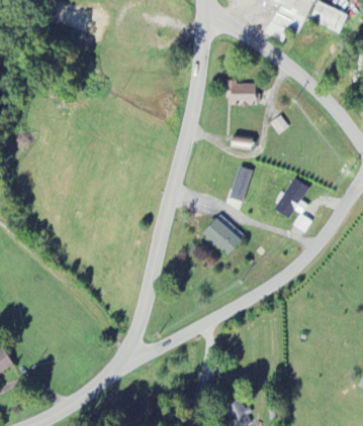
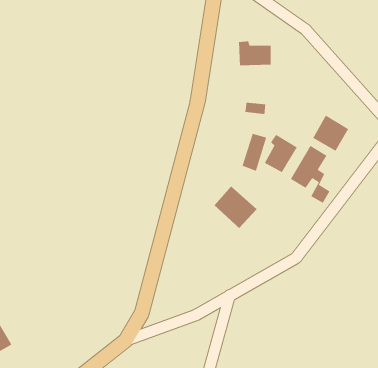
building: none -> [312,115,349,152]
building: none -> [264,134,298,173]

